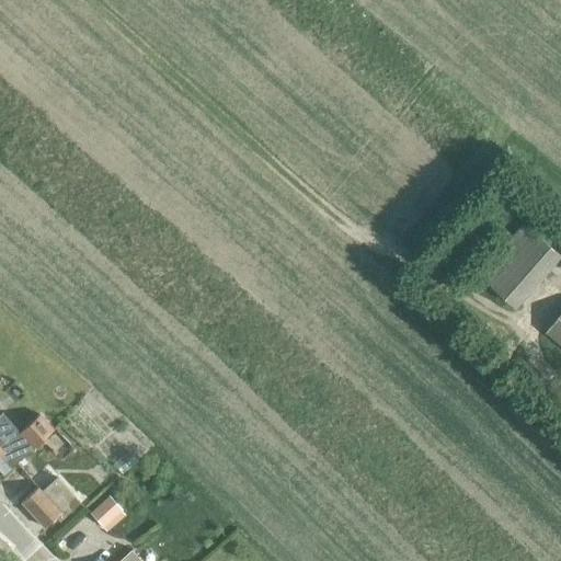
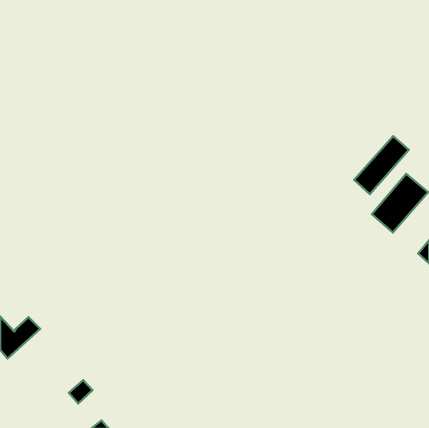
building: none -> [354,136,409,194]
building: [21,478,79,528] -> none

